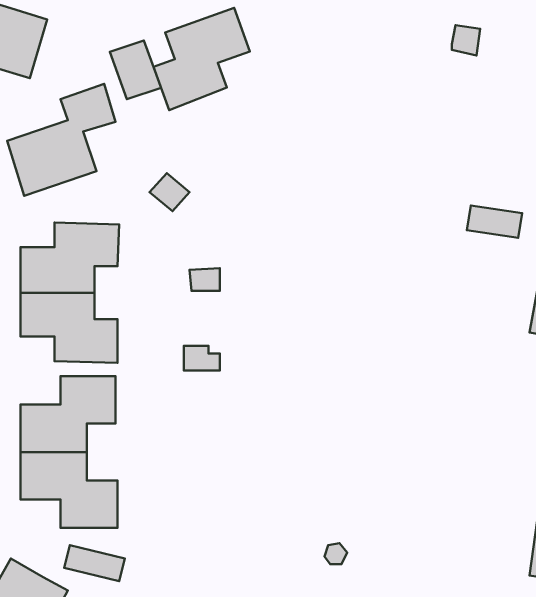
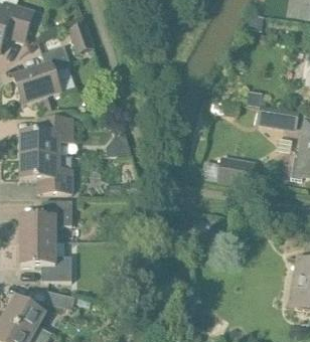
building: [153,8,250,110] -> none
building: none -> [217,163,254,186]

